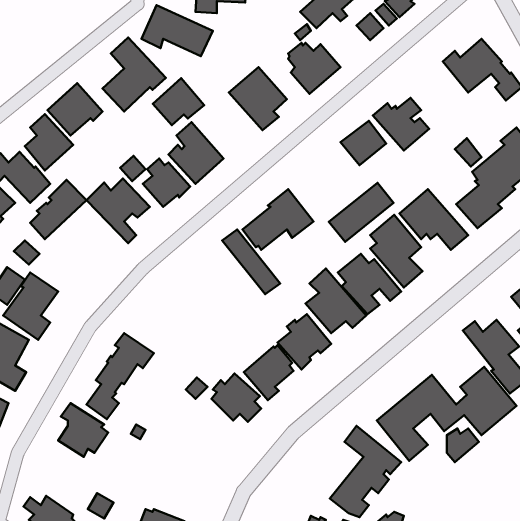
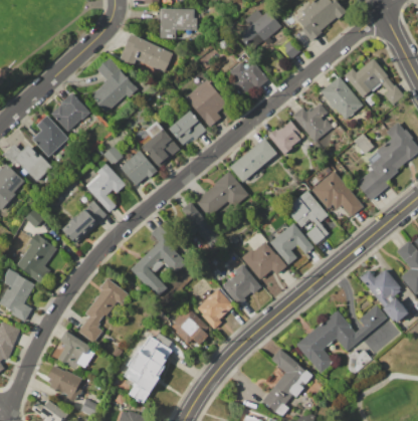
building: none -> [322,75,364,120]
building: [153,78,204,125] -> [169,110,207,145]
building: [30,180,87,239] -> [64,199,107,243]
building: [329,183,393,242] -> [230,137,278,181]
building: none -> [131,225,187,296]
building: none -> [124,333,172,403]
building: none -> [47,365,82,400]

